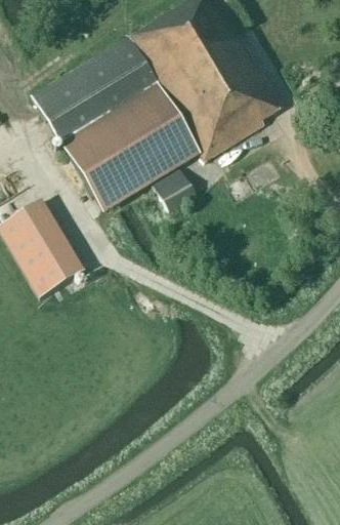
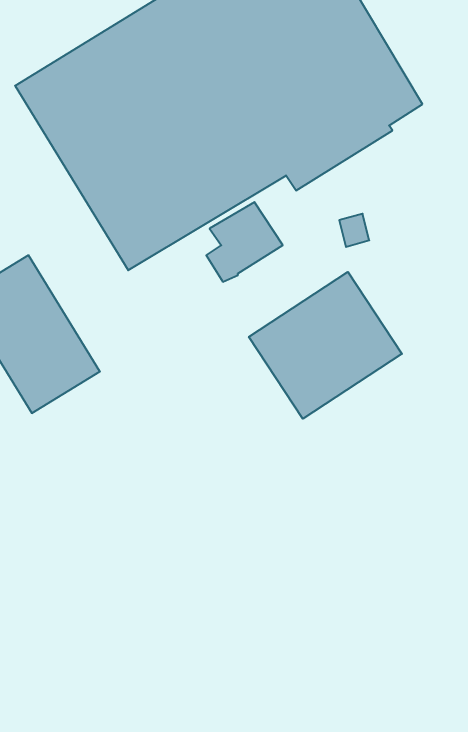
building: none -> [249,272,402,419]

